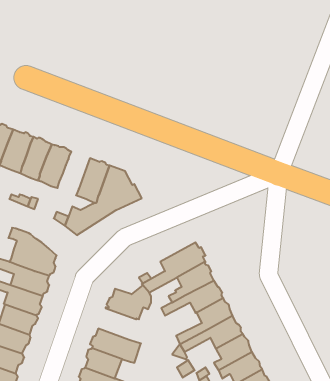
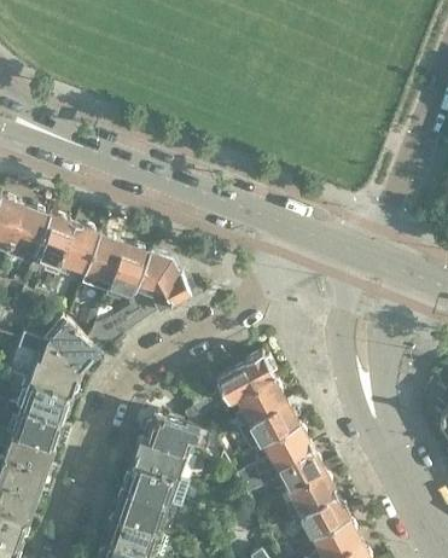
building: none -> [82,236,124,292]
building: none -> [47,318,99,371]
building: none -> [135,440,185,481]

